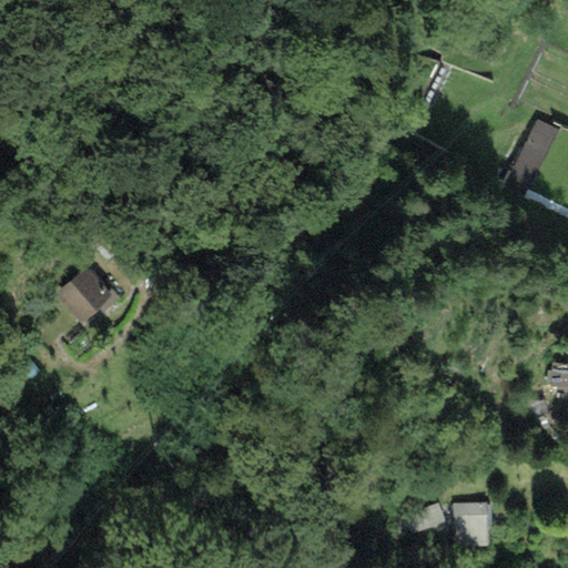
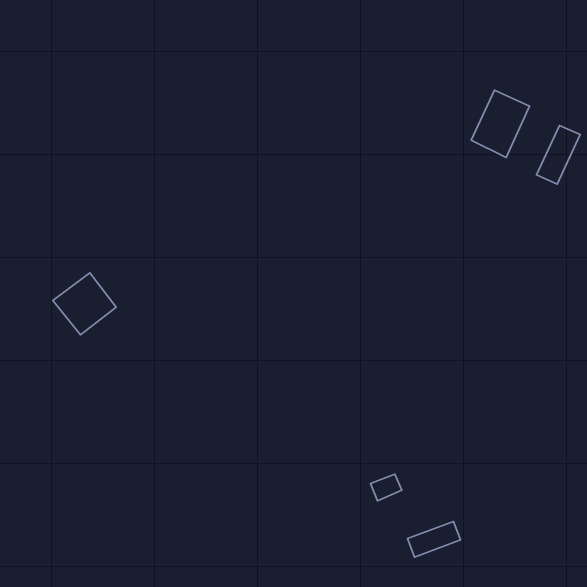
building: none -> [471,90,529,158]
building: [452,503,490,546] -> none

